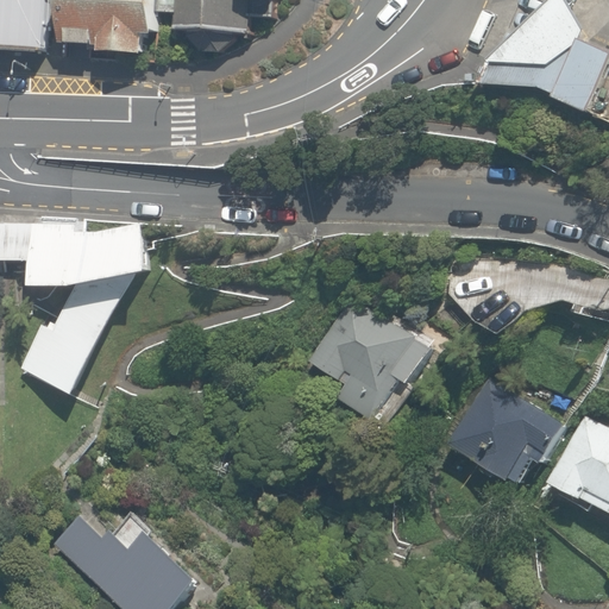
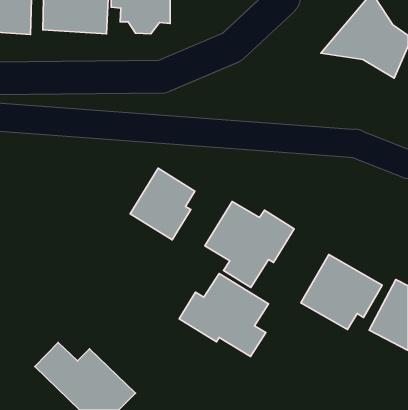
building: [23,224,151,395] -> none
building: none -> [130,168,195,240]
building: none -> [179,273,268,357]

